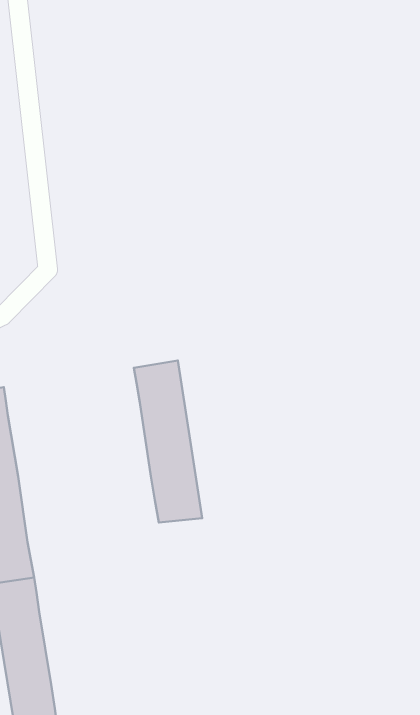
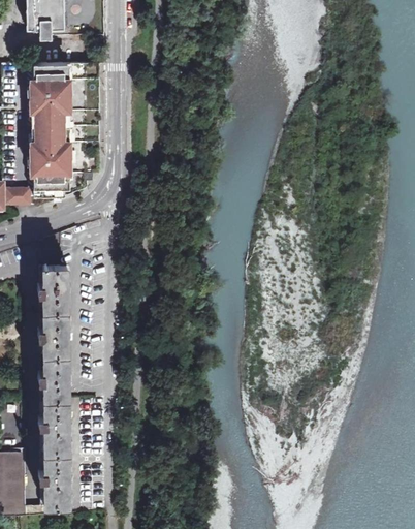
building: [134,360,202,523] -> none

